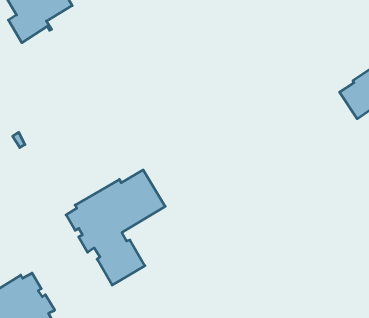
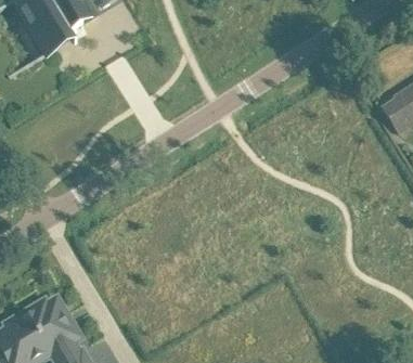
building: [66,170,165,285] -> none

